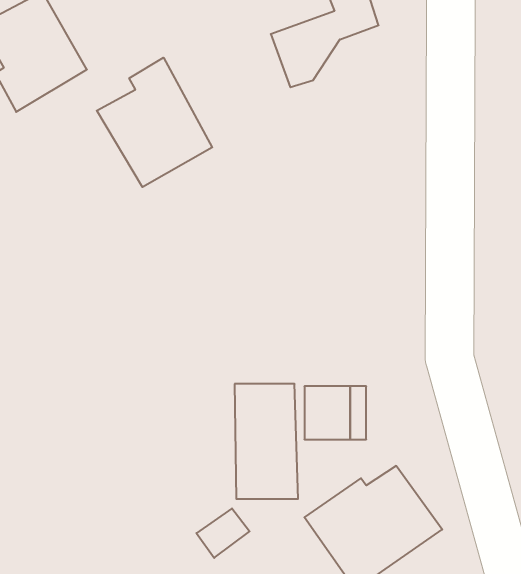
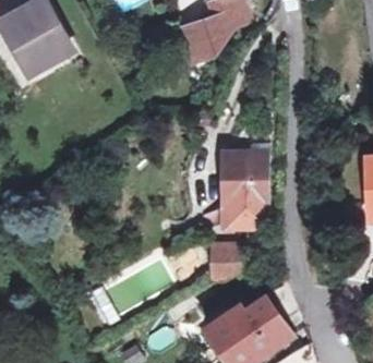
building: [97,58,212,187] -> none
building: [235,384,298,499] -> [224,156,263,227]

